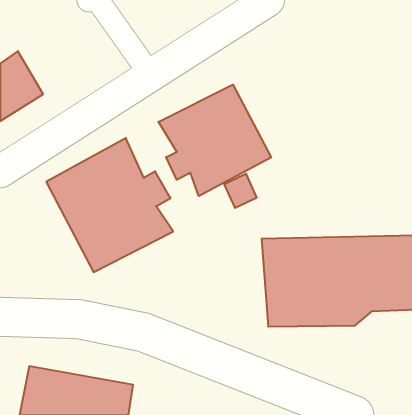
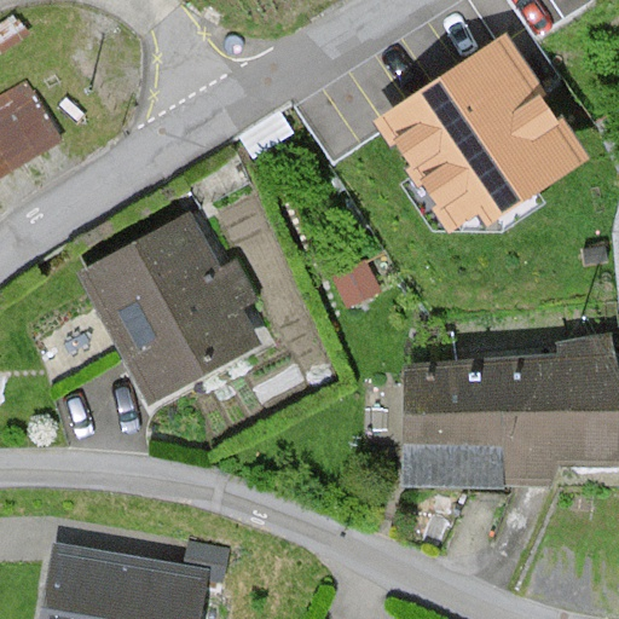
building: none -> [381,33,597,232]
building: [158,85,271,196] -> none

